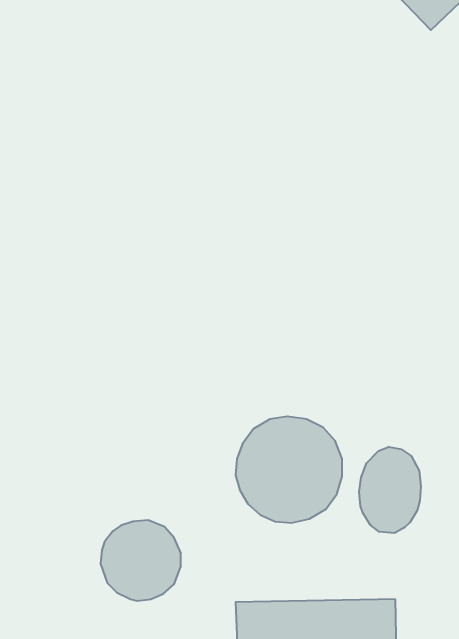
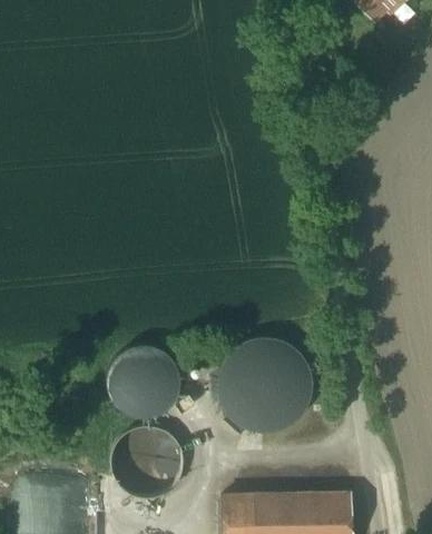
building: none -> [111,342,179,409]
building: [359,447,421,533] -> none

